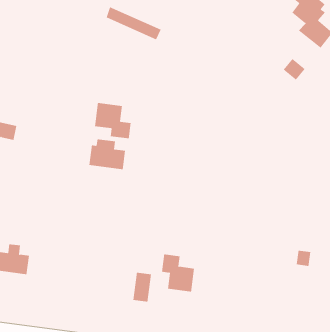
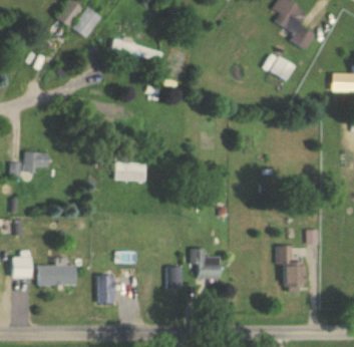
building: [94,102,131,139] -> none
building: none -> [279,246,304,292]
building: none -> [97,276,113,303]

